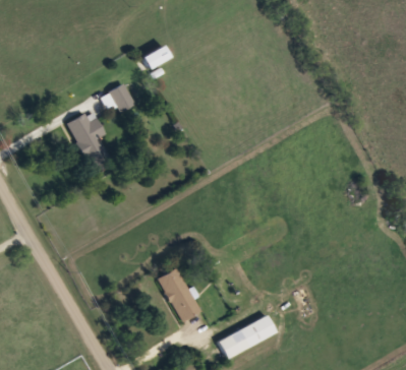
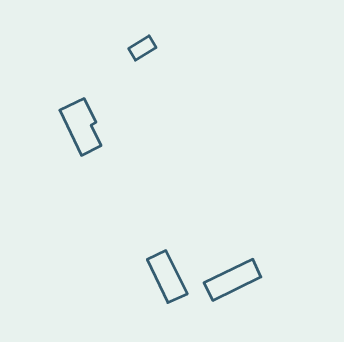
building: [102,84,135,111] -> none
building: [217,315,276,358] -> [204,259,261,300]

